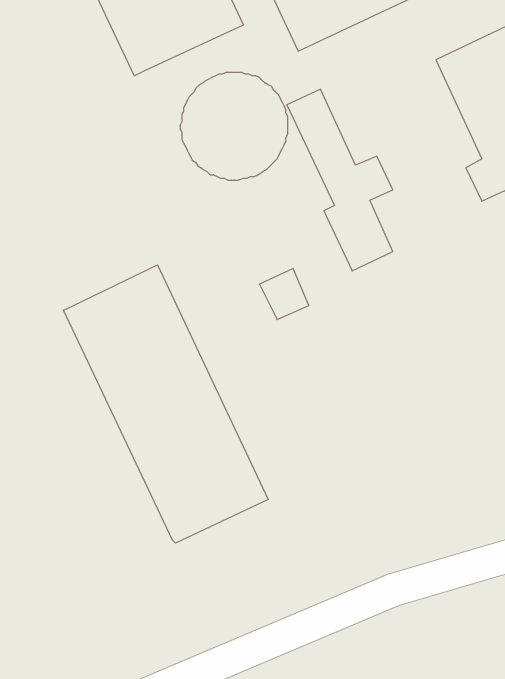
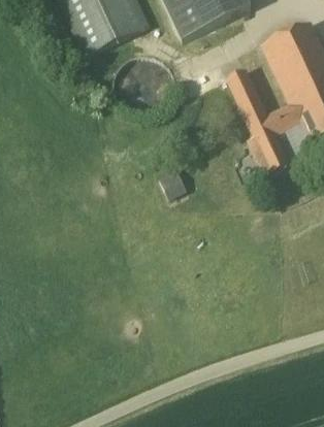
building: [287,89,393,271] -> [226,67,288,173]
building: [64,265,268,543] -> none

